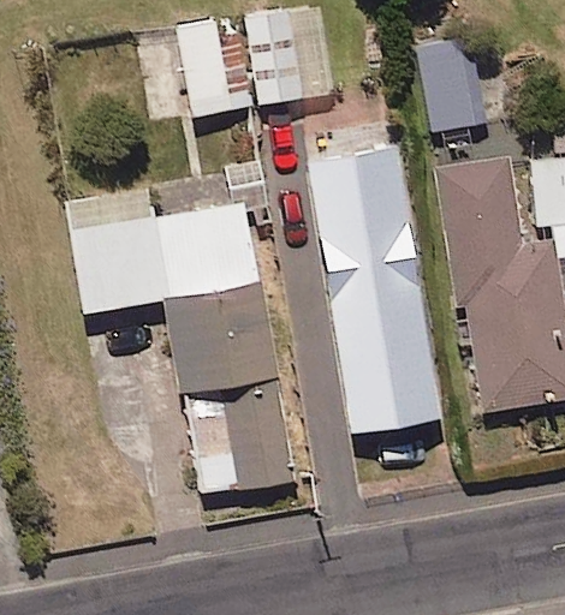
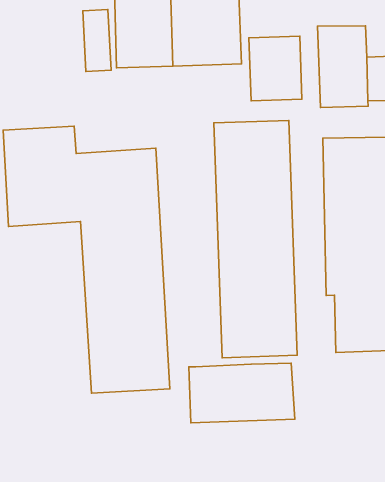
building: none -> [249,36,302,101]
building: none -> [189,363,295,423]

